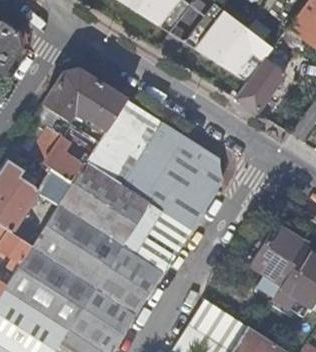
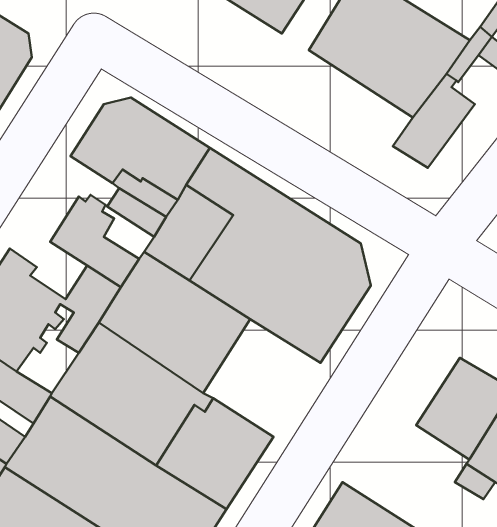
building: [122,202,192,272] -> none

